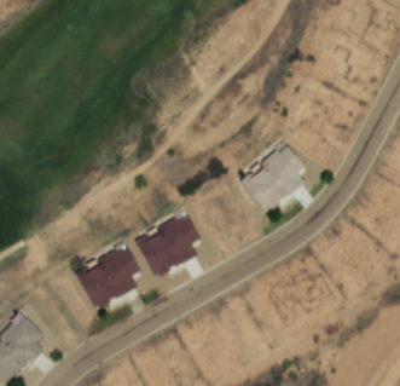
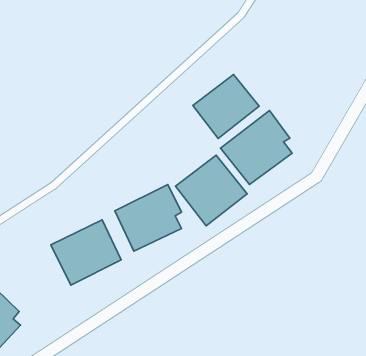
building: none -> [193,74,259,139]
building: none -> [176,155,247,226]

